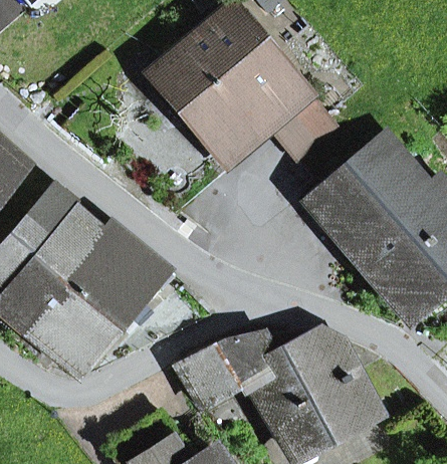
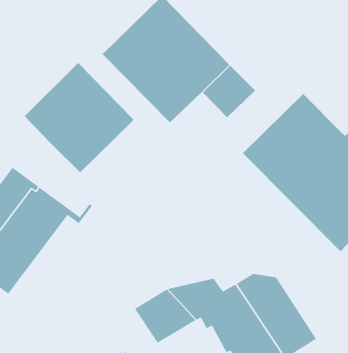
building: none -> [24,62,135,173]
building: [32,243,170,377] -> none

